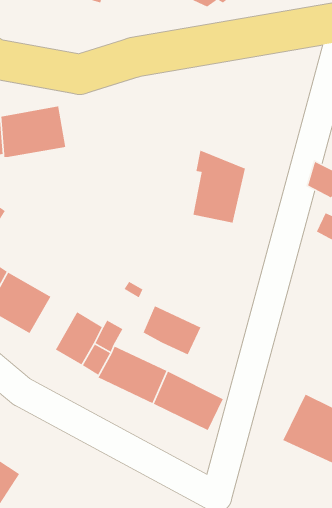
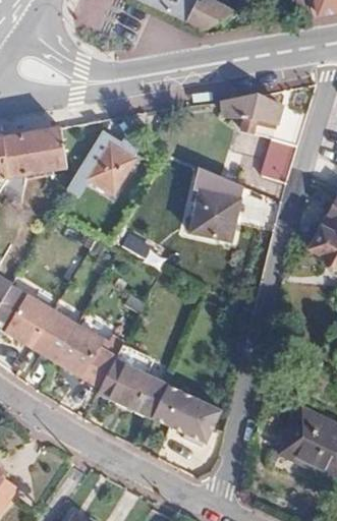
building: none -> [220,94,306,181]
building: none -> [78,130,136,192]
building: none -> [32,310,77,362]
building: [142,305,201,356] -> none

